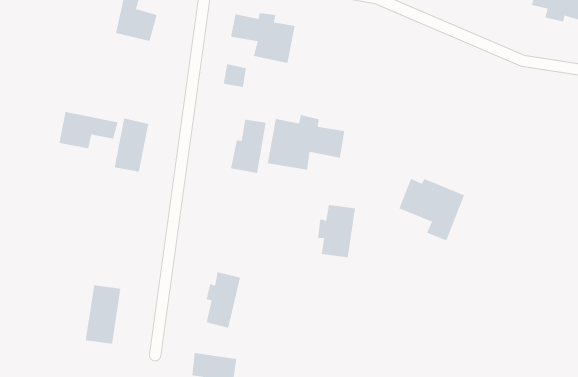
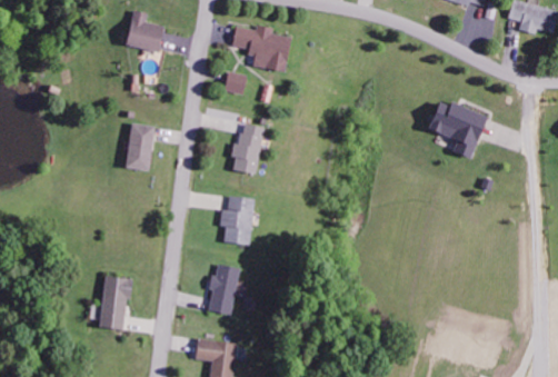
building: [59,111,118,149] -> none
building: [267,114,345,170] -> none
building: [398,178,465,241] -> [427,101,488,159]
building: [317,204,356,258] -> [221,196,257,245]

